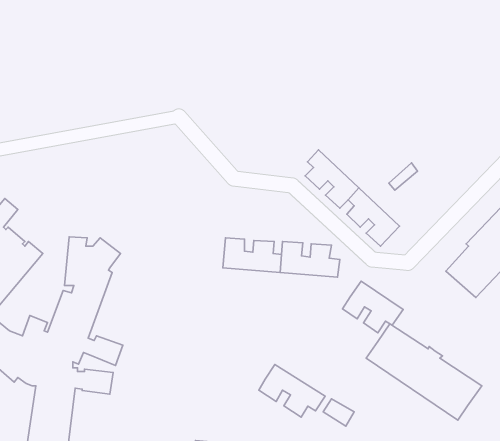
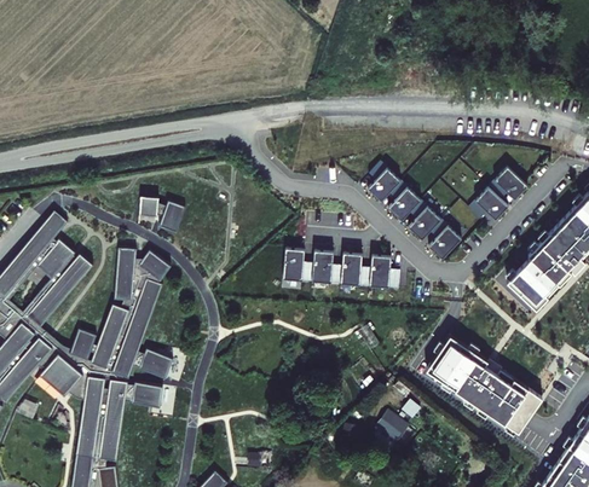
building: none -> [466,166,525,219]
building: none -> [140,198,187,232]
building: [343,281,403,333] -> none
building: [259,364,325,417] -> none

